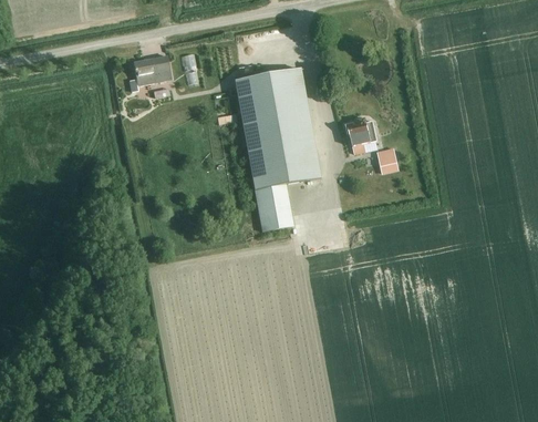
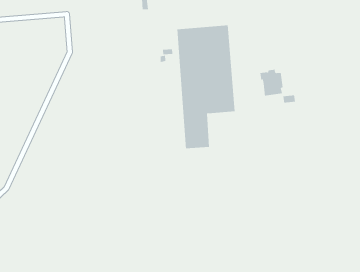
building: [133,54,170,84] -> none

